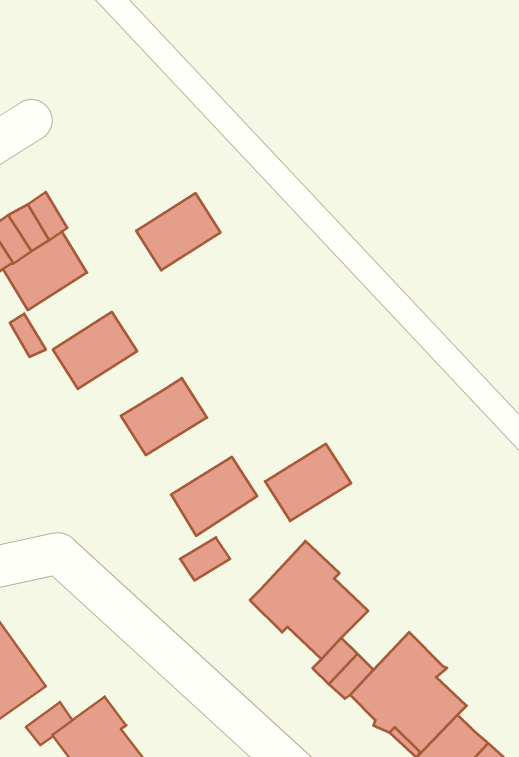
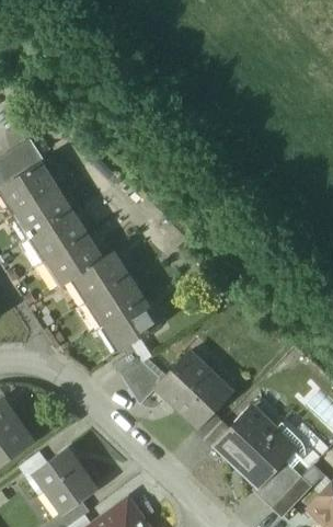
building: [136,193,220,270] -> [20,187,71,234]
building: none -> [50,236,102,283]
building: [265,444,351,521] -> [92,276,145,323]
building: none -> [122,363,162,403]
building: none -> [269,422,306,468]

